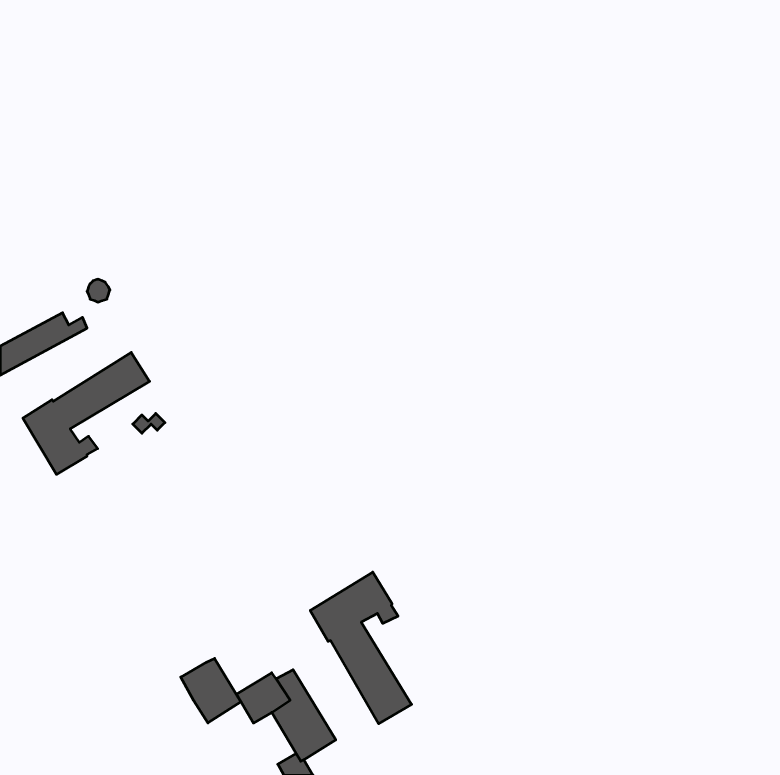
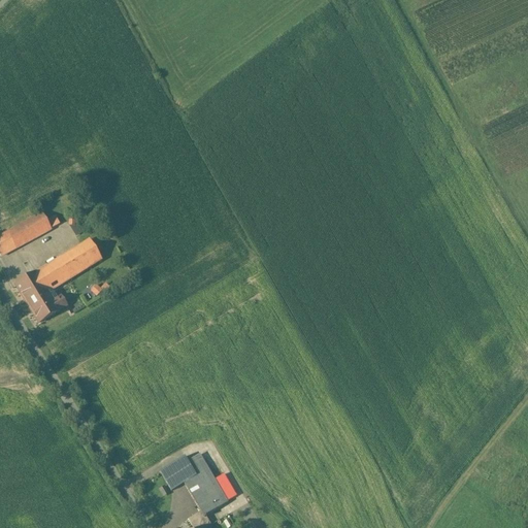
building: [310,572,412,724] -> none
building: [181,658,241,723] -> none

